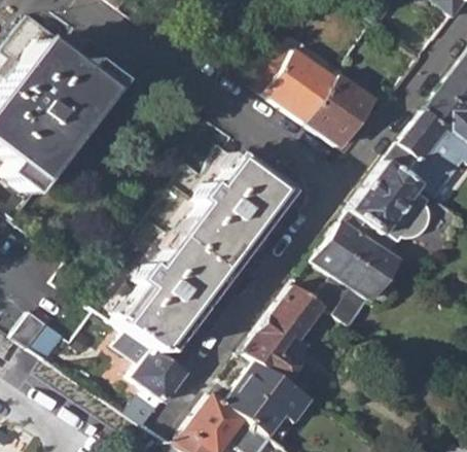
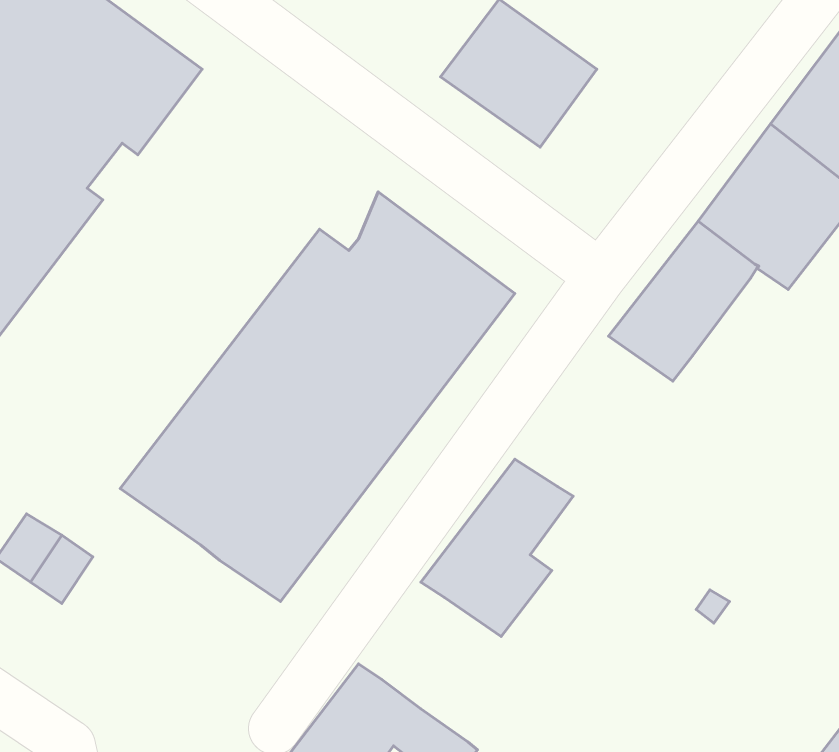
building: [308,75,374,146] -> none
building: [388,189,434,242] -> none
building: [314,220,398,323] -> none
building: [118,331,187,423] -> none
building: [224,358,314,434] -> none

